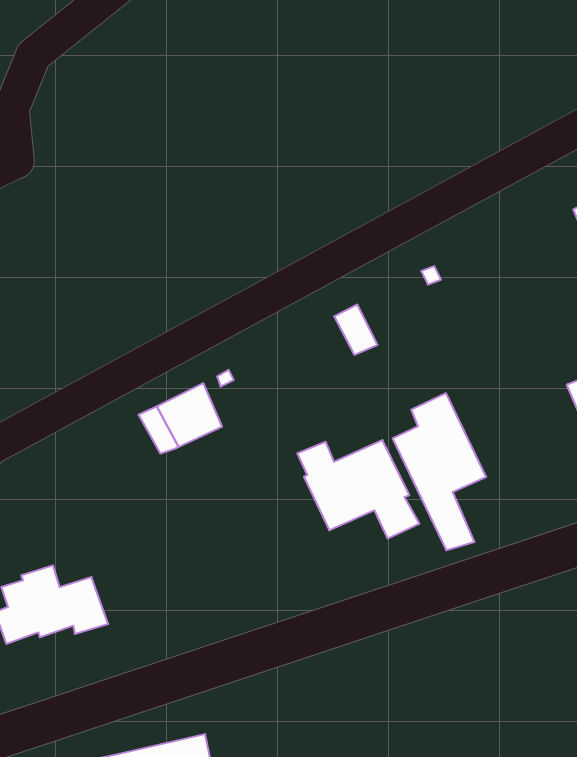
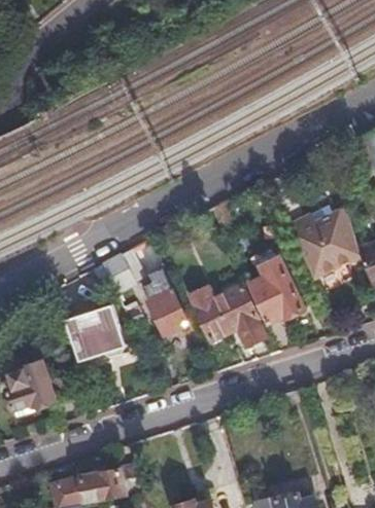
building: none -> [286,210,353,268]
building: none -> [145,269,185,333]
building: none -> [62,304,123,359]

